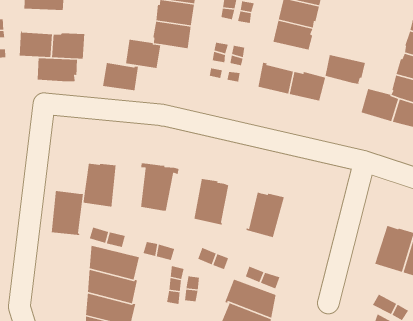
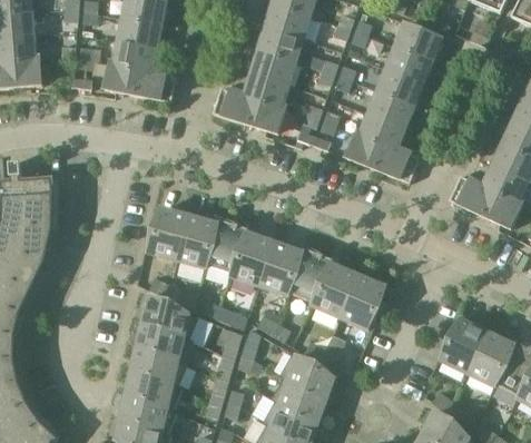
building: [324,54,366,85] -> [360,112,405,149]
building: [37,57,78,82] -> [111,40,157,71]
building: [102,62,139,91] -> [245,98,286,132]
building: none -> [230,234,274,284]
building: none -> [288,246,337,302]
building: [51,190,84,236] -> [177,216,217,267]
building: none -> [340,275,385,328]

